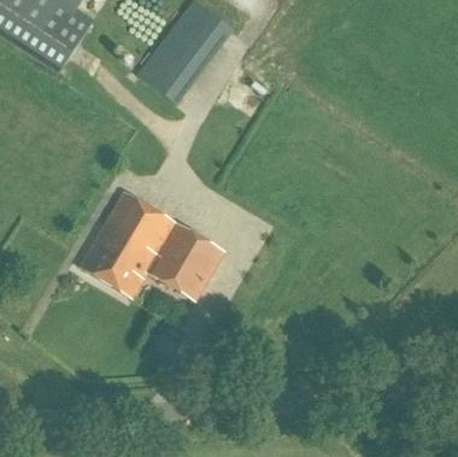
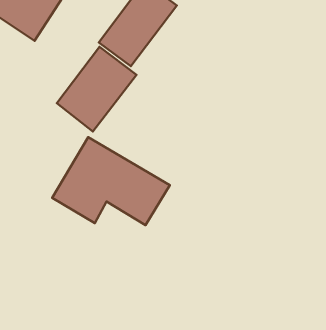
building: none -> [57,47,136,131]

